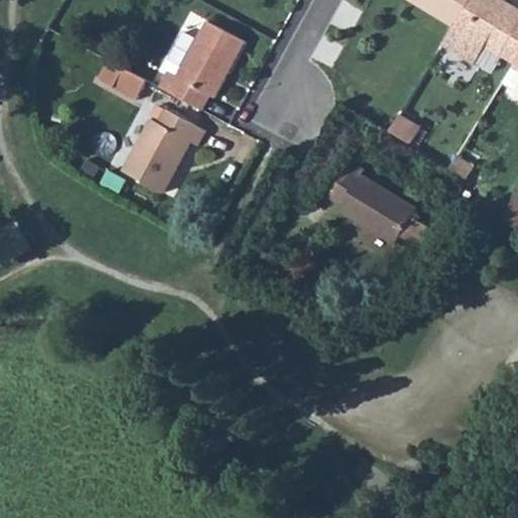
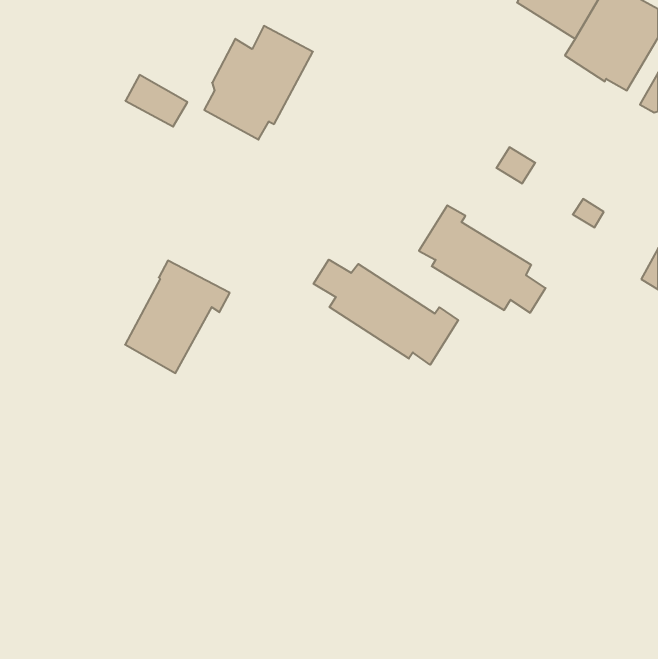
building: [123,104,205,192] -> [125,261,230,373]
building: none -> [314,260,458,365]

